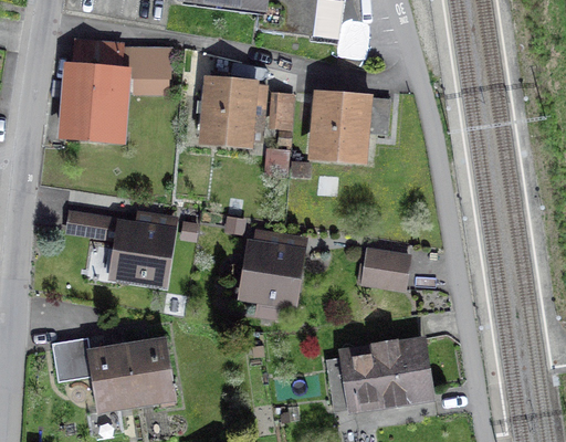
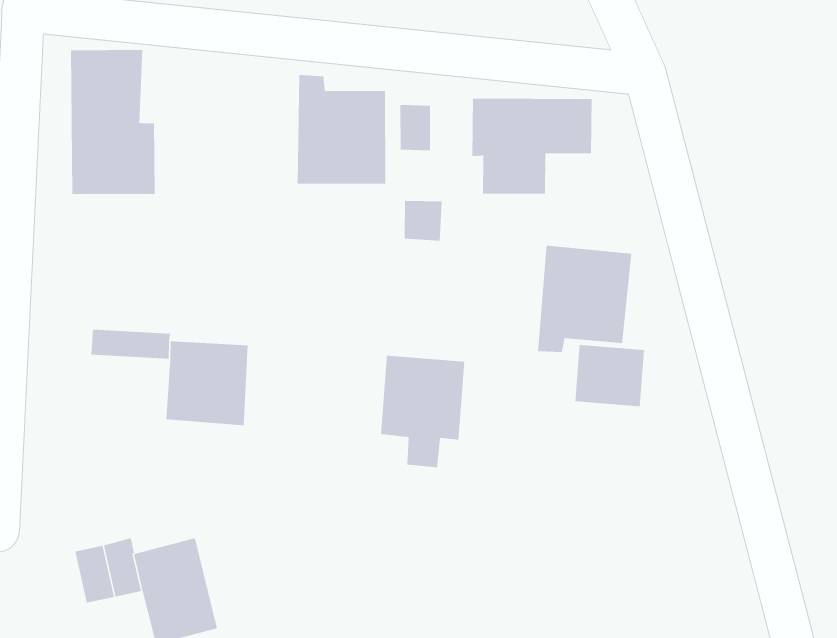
building: [132,53,174,94] -> none
building: none -> [538,245,632,353]
building: [126,339,174,401] -> none
building: [326,340,426,404] -> none

